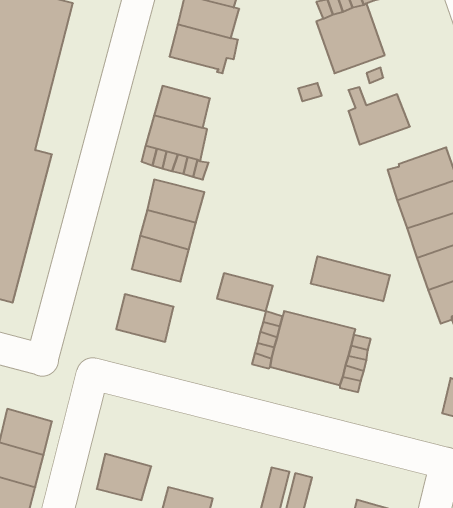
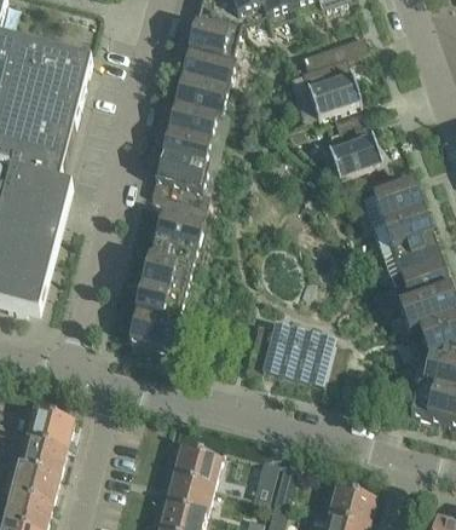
building: none -> [168,102,217,138]
building: [311,256,390,301] -> none
building: [217,273,273,311] -> [135,286,184,318]
building: [97,454,151,500] -> [173,444,220,484]

